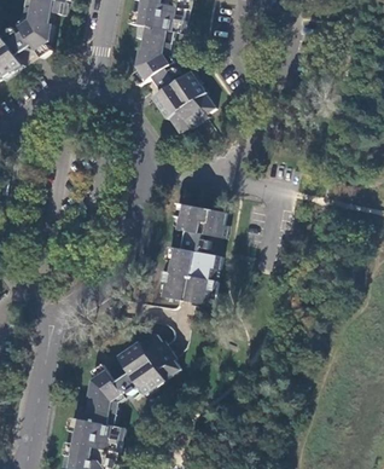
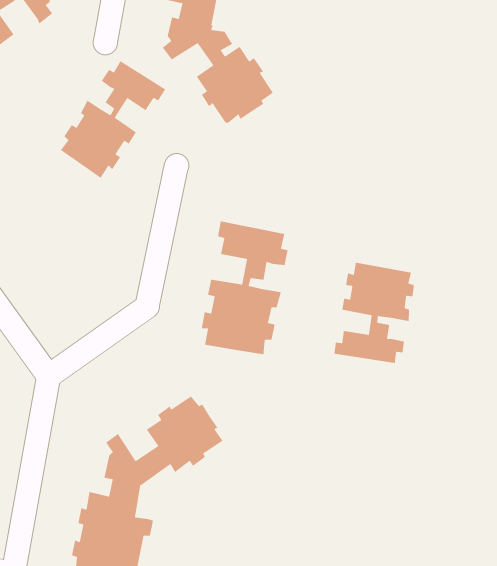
building: none -> [60,60,166,179]
building: none -> [333,262,415,364]

